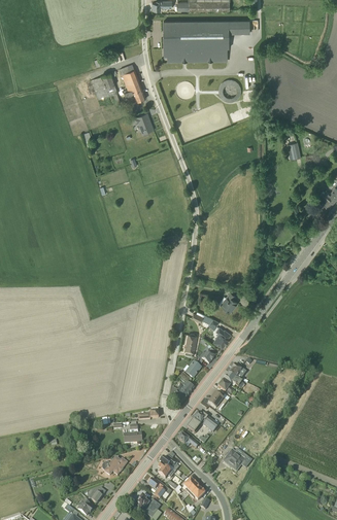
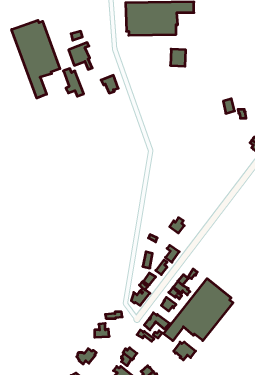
building: none -> [12,20,60,98]
building: [120,65,145,100] -> [63,69,84,96]
building: none -> [164,279,233,341]

